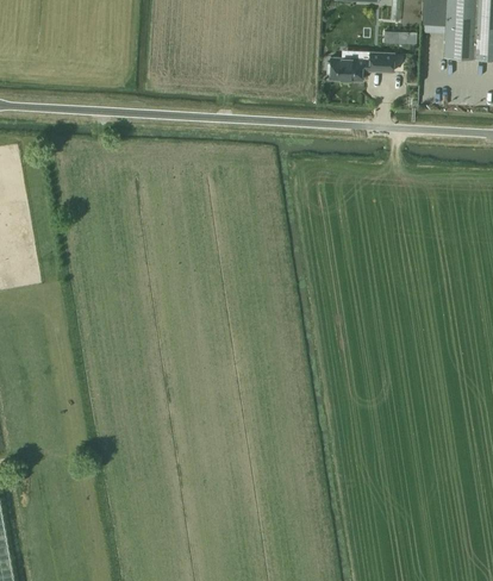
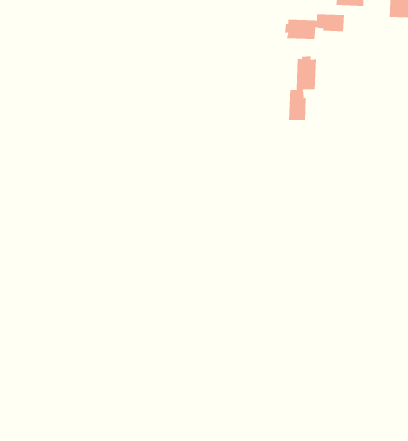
building: none -> [289,56,316,121]

